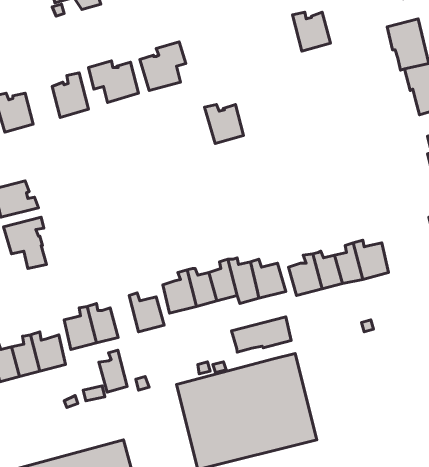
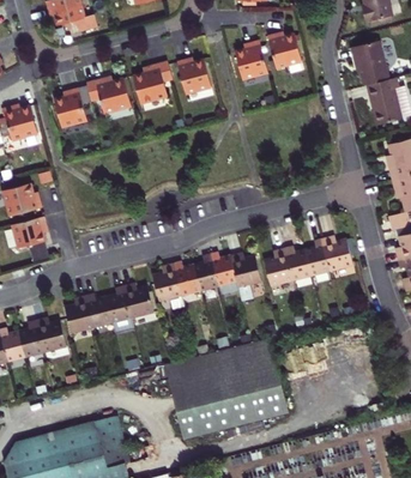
building: none -> [235,40,267,79]
building: [204,104,244,144] -> [176,59,211,93]
building: [231,317,291,352] -> none
building: [99,350,127,392] -> [105,285,131,322]

